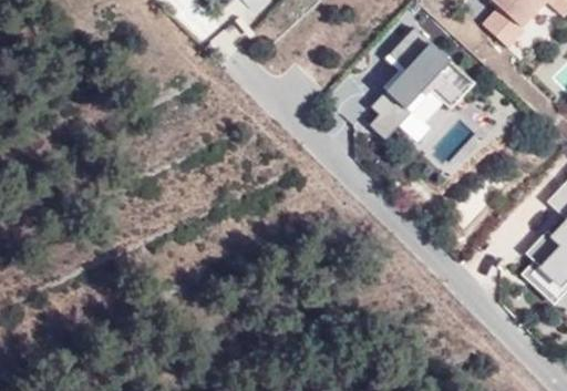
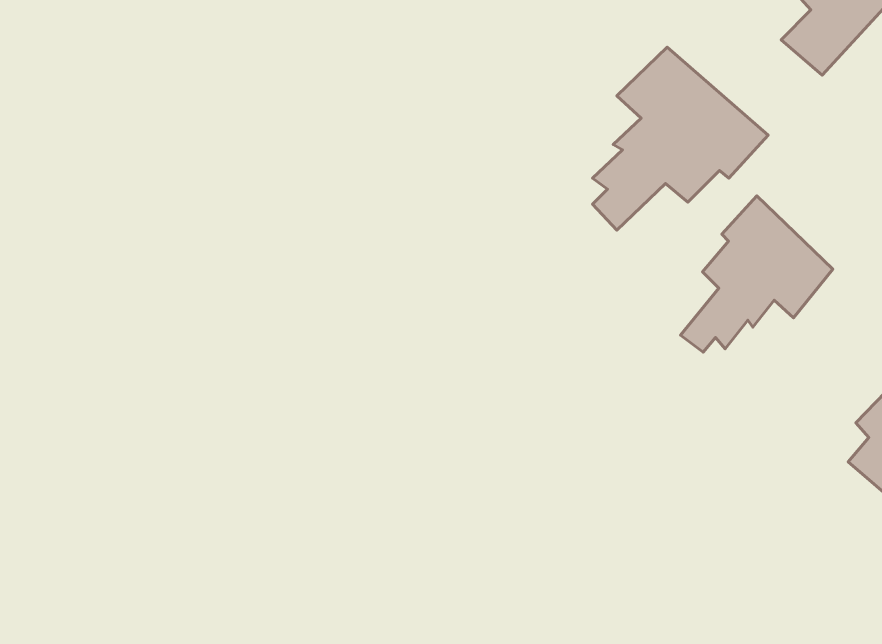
building: none -> [681,196,833,352]

